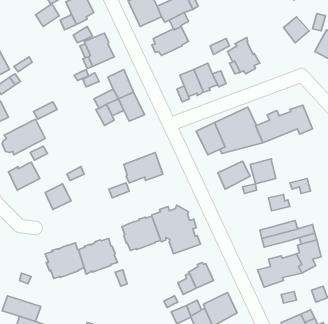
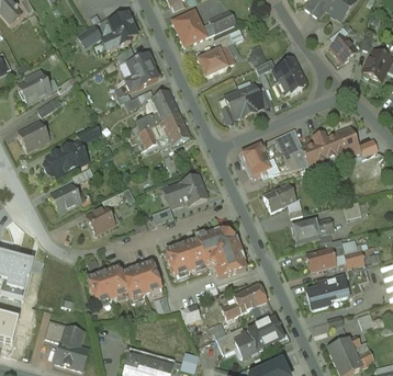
building: [250,159,276,184] -> [292,218,318,243]

